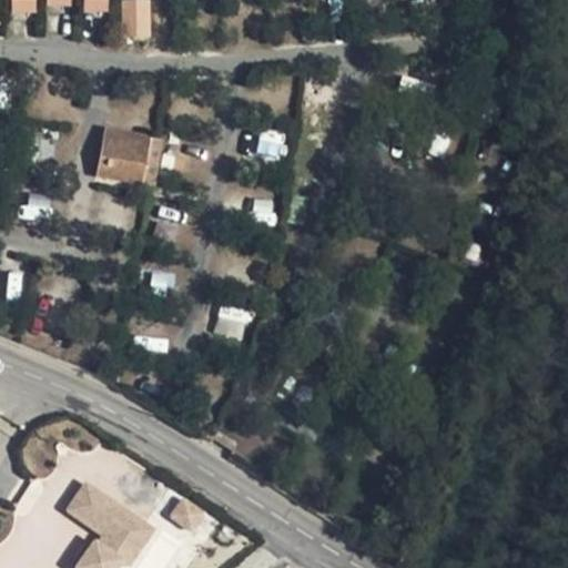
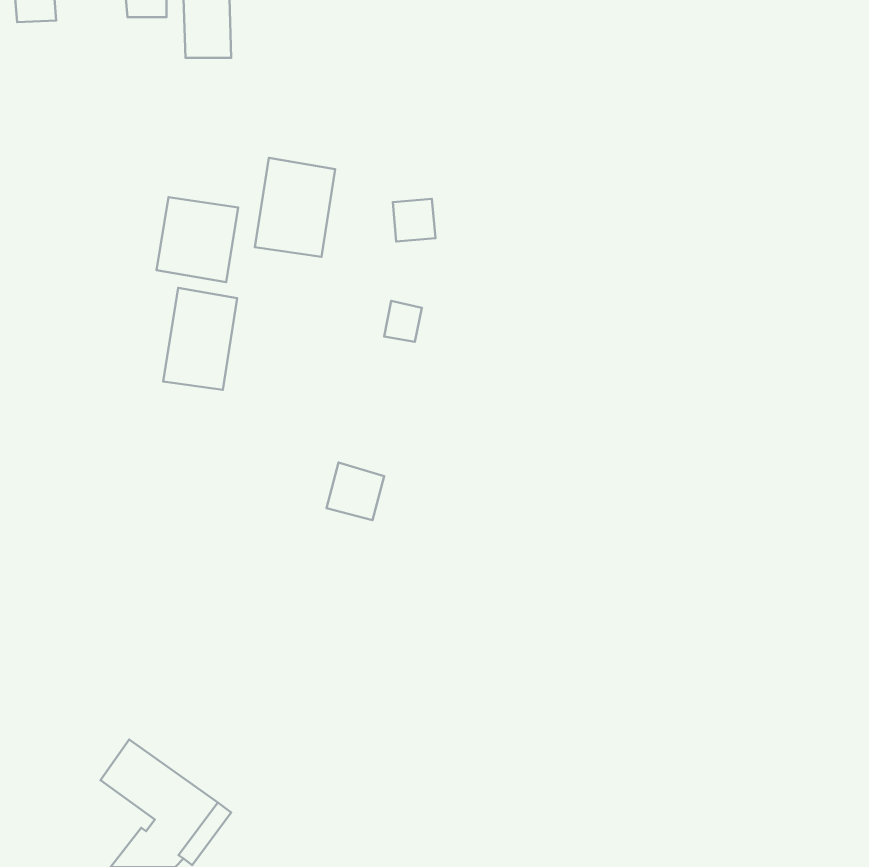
building: none -> [255,158,335,257]
building: none -> [163,288,237,390]

